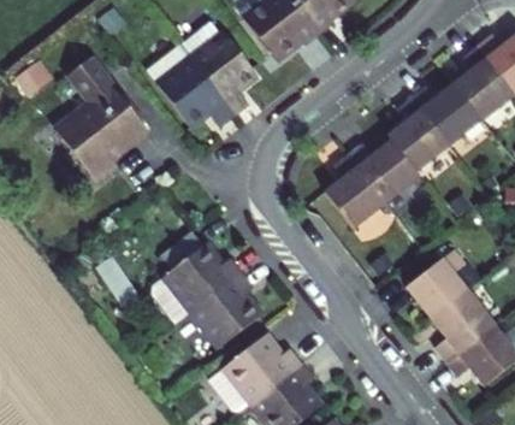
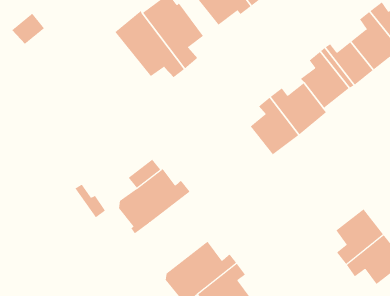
building: [60,58,153,179] -> none
building: [402,250,464,321] -> none
building: [194,272,264,346] -> none

